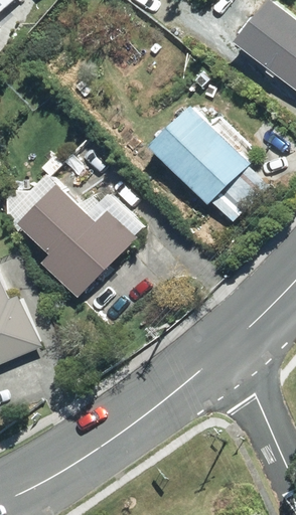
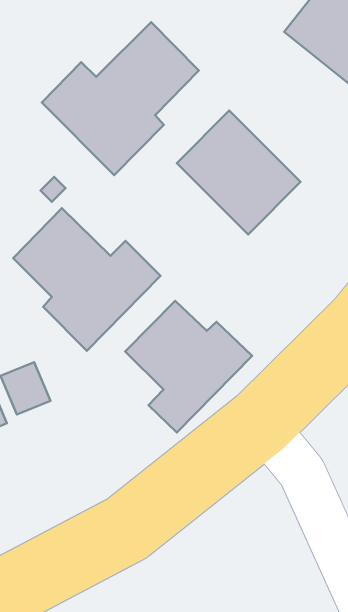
building: none -> [42,22,199,175]
building: none -> [125,301,252,433]

